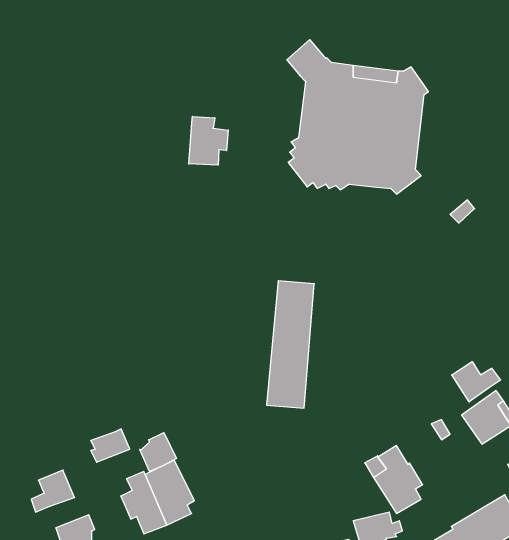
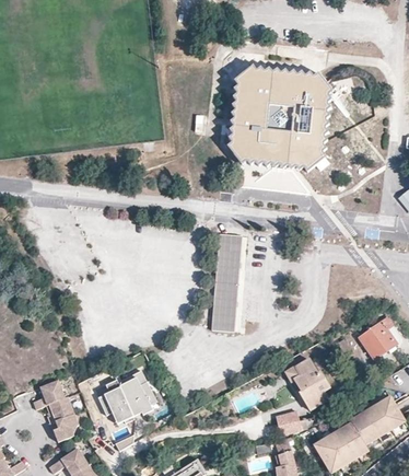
building: [189,116,228,165] -> none
building: [452,362,500,402] -> none
building: [91,429,130,462] -> [46,396,75,421]
building: [140,433,176,471] -> none

